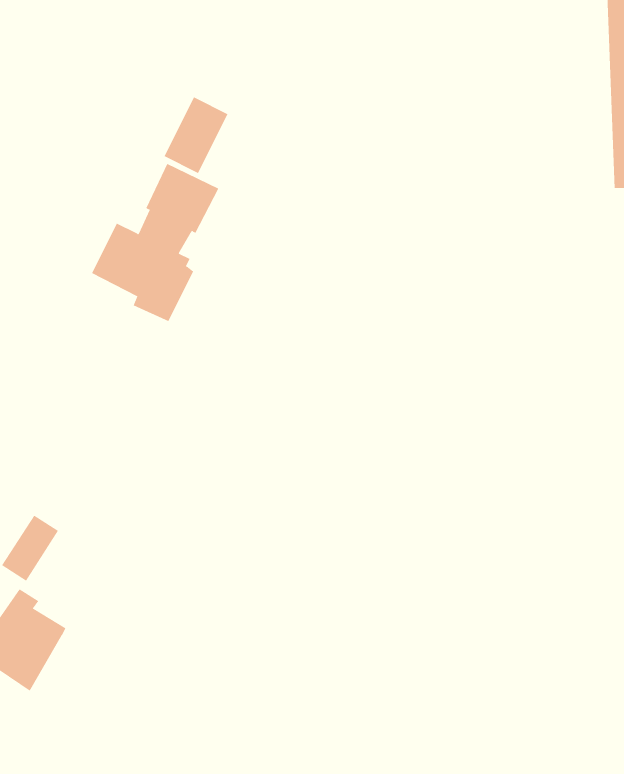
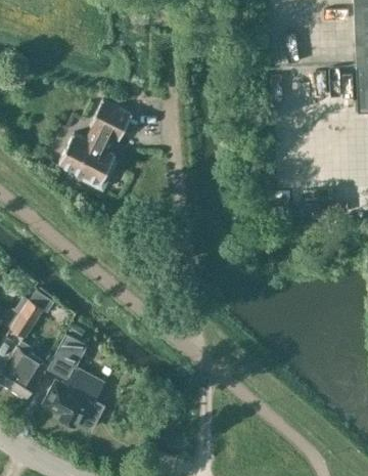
building: [164,96,228,174] -> none
building: none -> [43,332,107,432]

